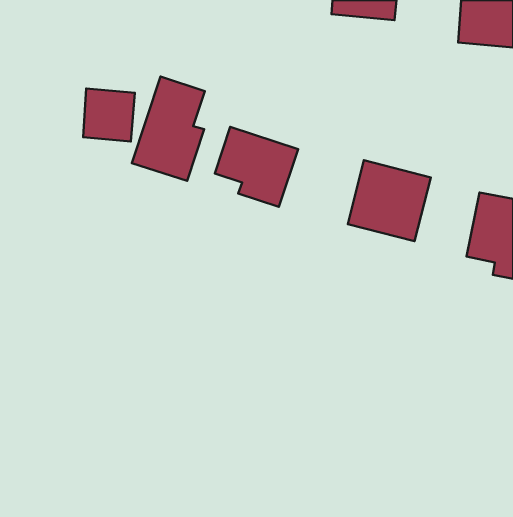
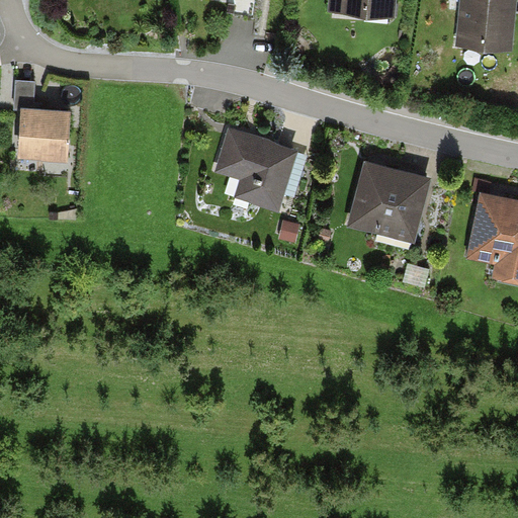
building: [132,76,205,181] -> none
building: [83,89,135,141] -> [18,107,70,160]

